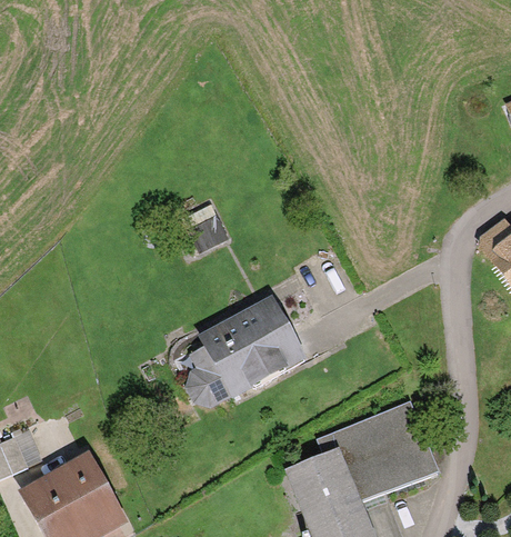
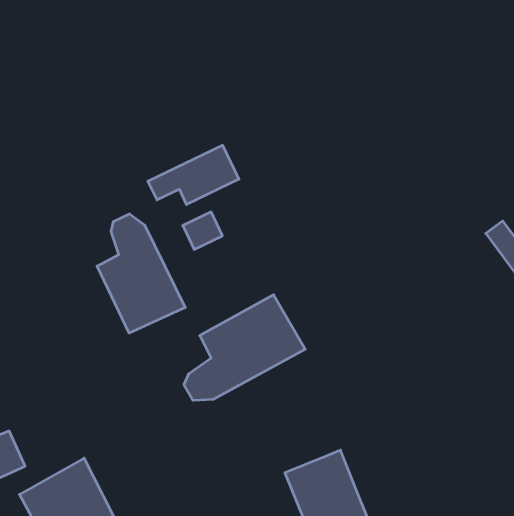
building: none -> [148,145,239,205]
building: none -> [97,214,185,333]
building: [315,398,438,504] -> none

